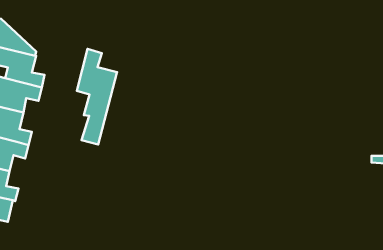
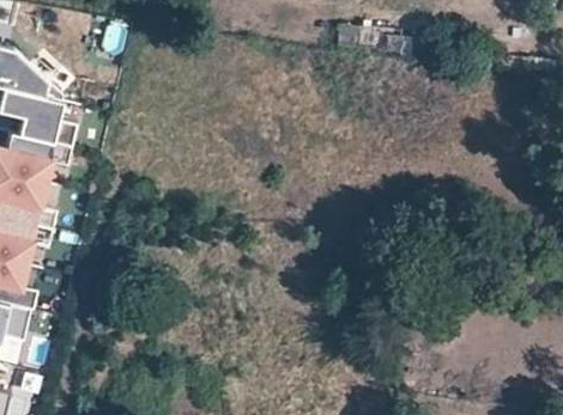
building: [77,49,117,144] -> none

